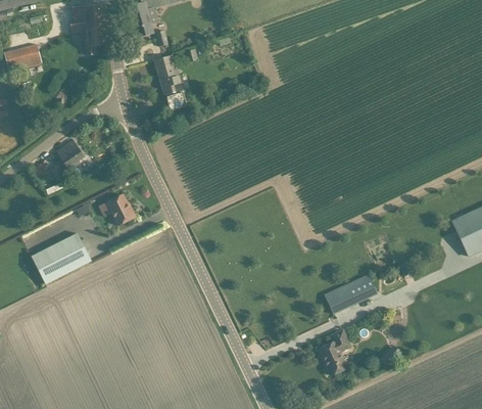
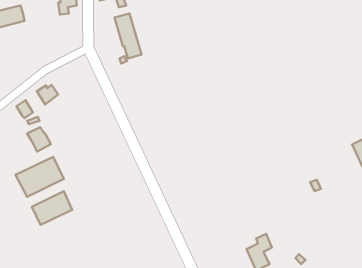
building: [106,193,136,224] -> [27,127,51,152]
building: [325,274,377,312] -> none
building: none -> [32,191,72,225]

